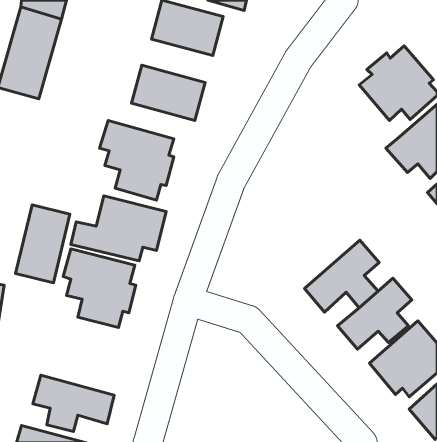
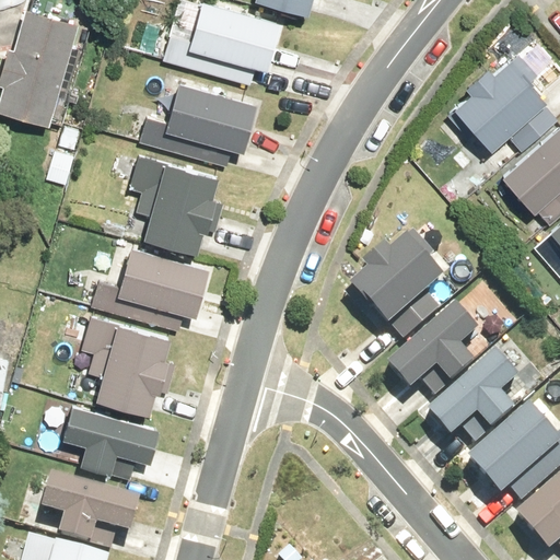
building: none -> [350,233,447,343]
building: [16,205,70,283] -> none
building: none -> [48,402,162,475]

